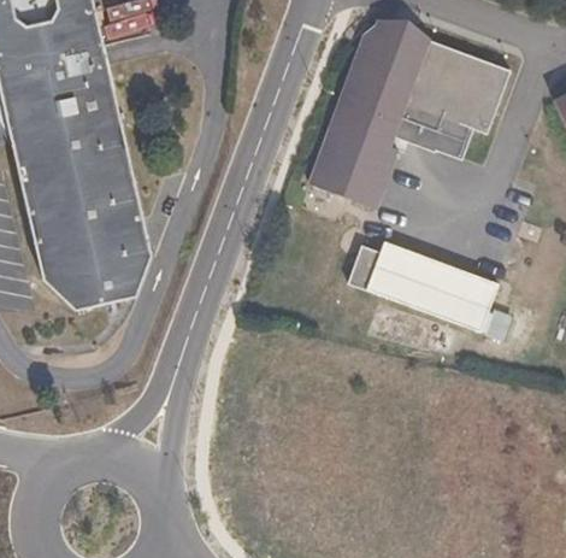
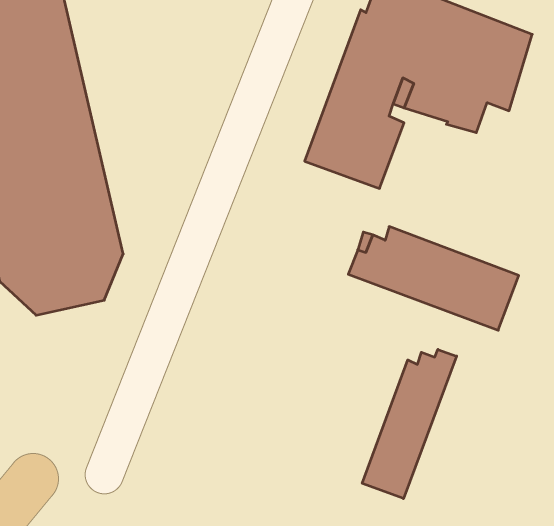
building: none -> [362,349,457,499]

